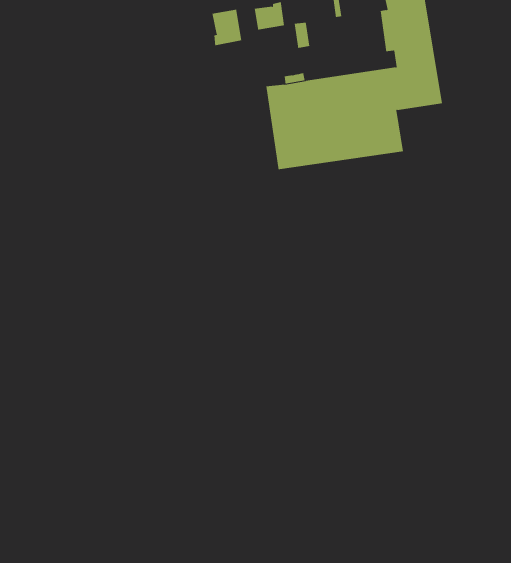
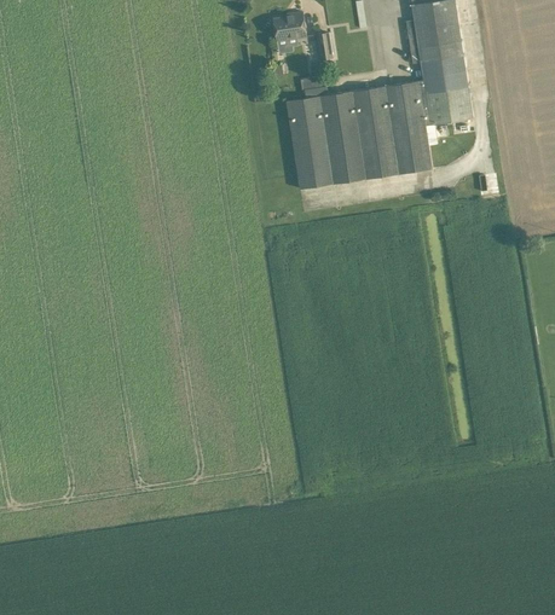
building: [212,9,242,46] -> none

